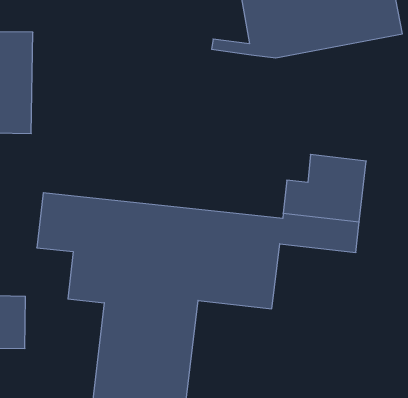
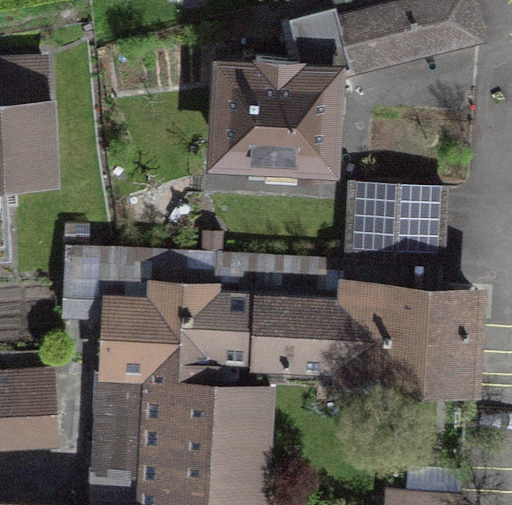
building: none -> [220,79,331,172]
building: none -> [343,304,471,388]
building: none -> [91,382,146,486]

